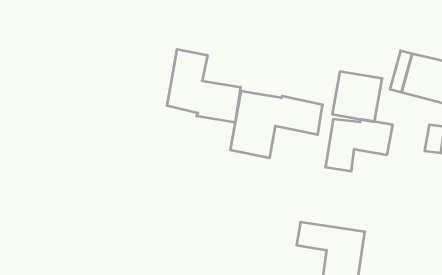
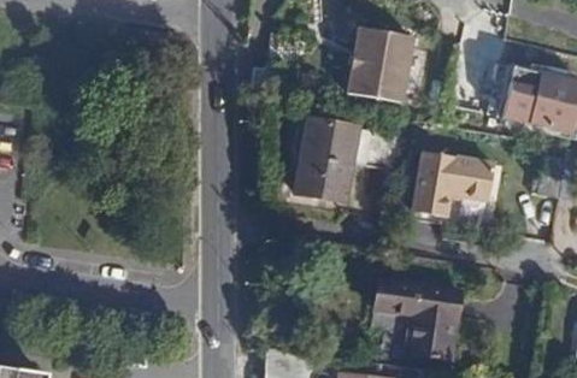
building: [167,49,240,123] -> none
building: [332,72,382,122] -> [351,40,413,102]

